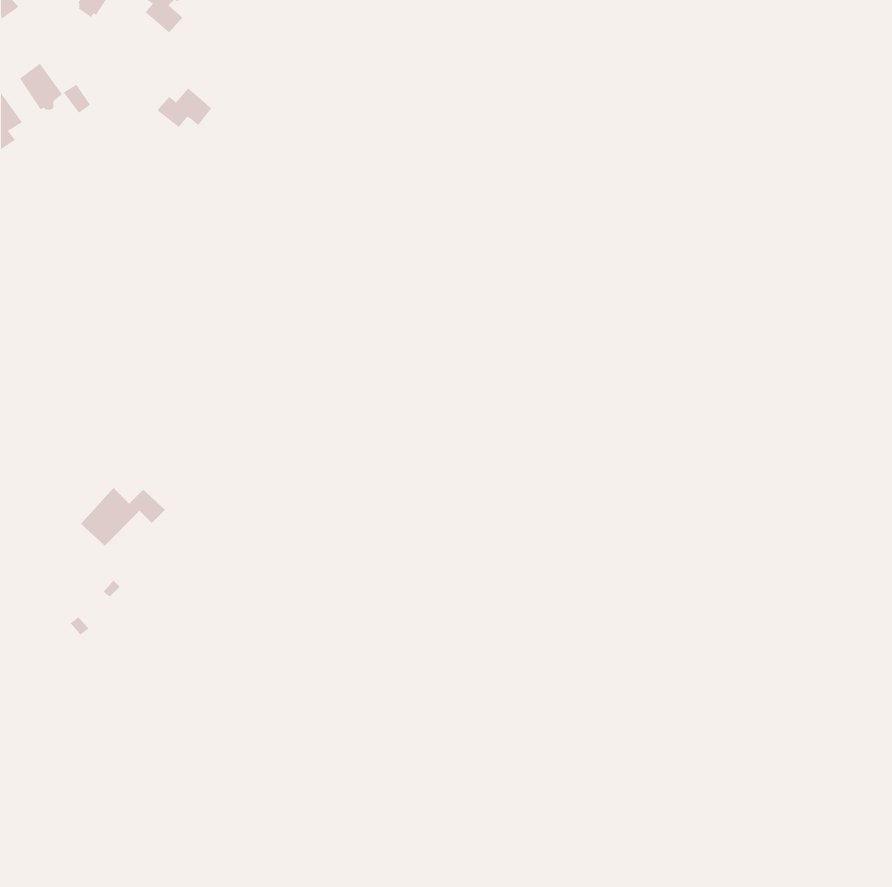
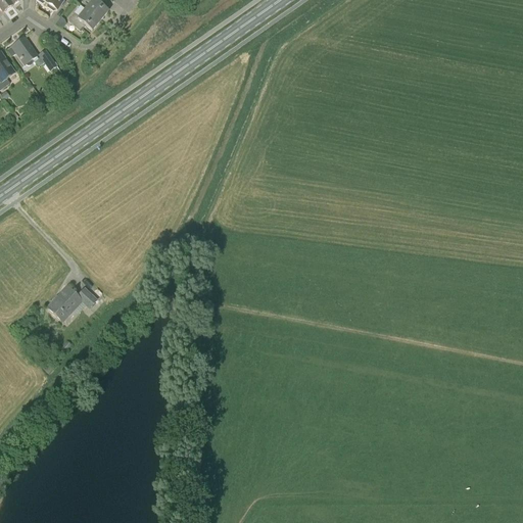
building: [156,88,212,128] -> [66,7,99,31]

